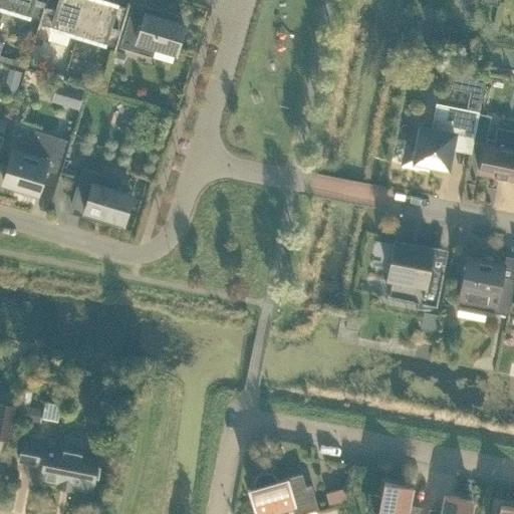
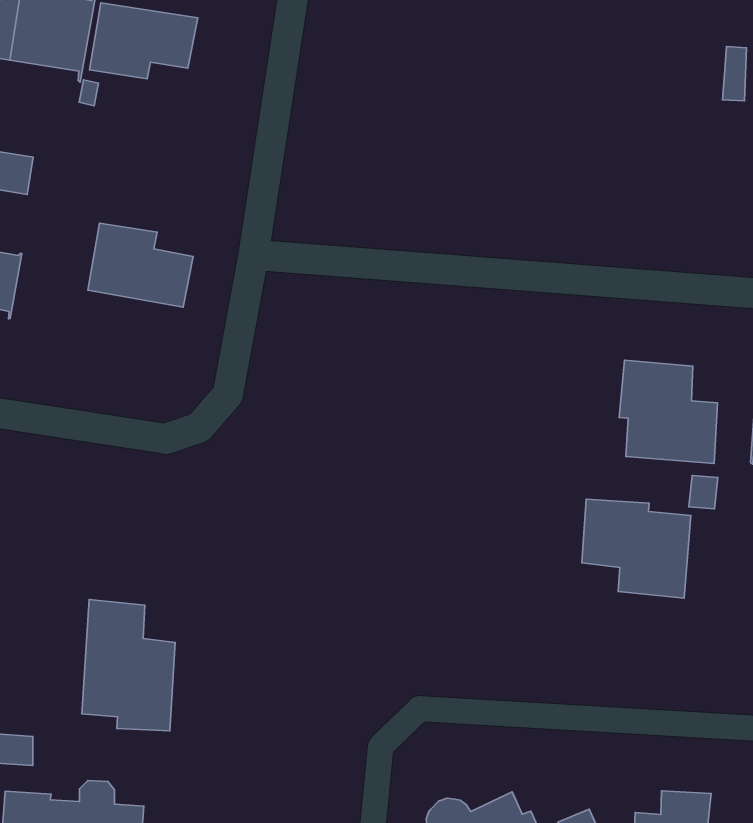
building: [410,104,479,169] -> none
building: [72,171,133,223] -> [88,223,193,307]
building: none -> [582,499,691,598]
building: none -> [82,600,175,731]

